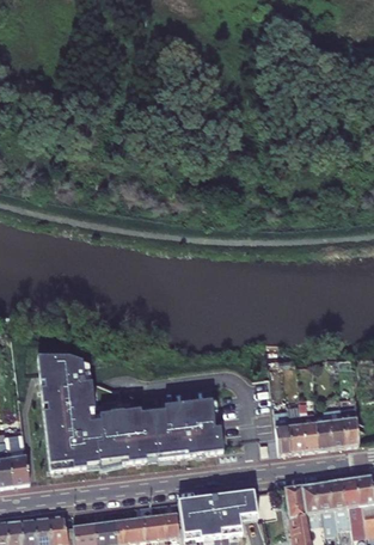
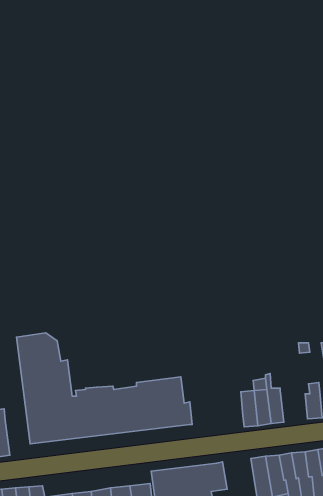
building: [315,411,344,448] -> none

